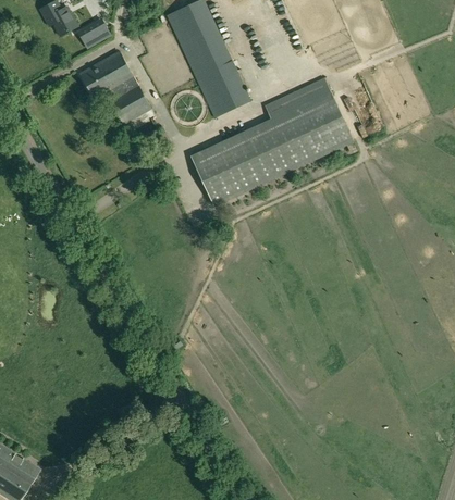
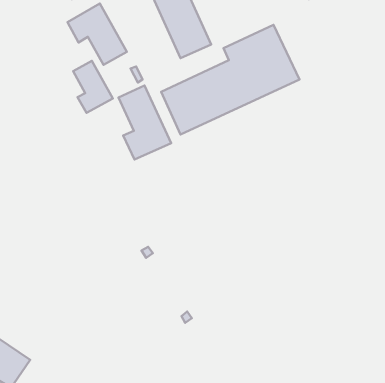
building: none -> [73,61,113,113]
building: none -> [119,86,171,160]

